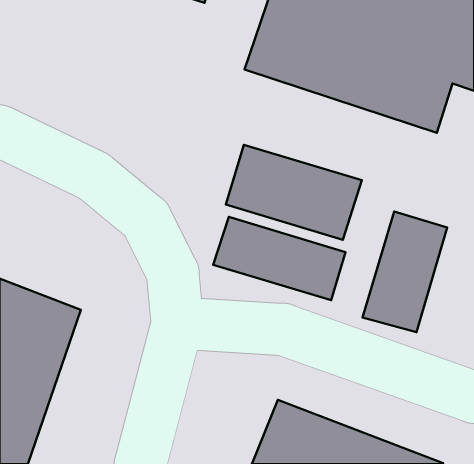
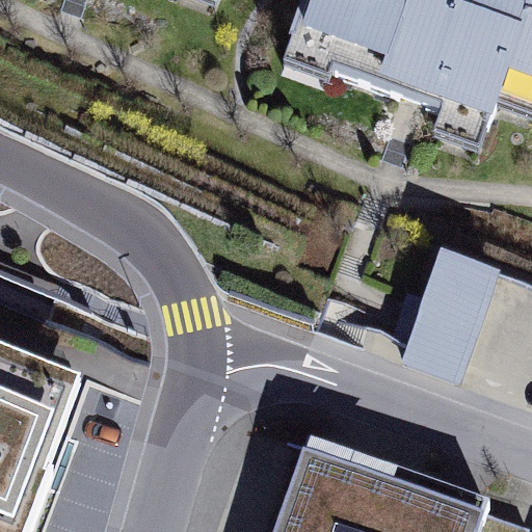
building: [226,145,362,240] -> none
building: [213,217,346,300] -> none

